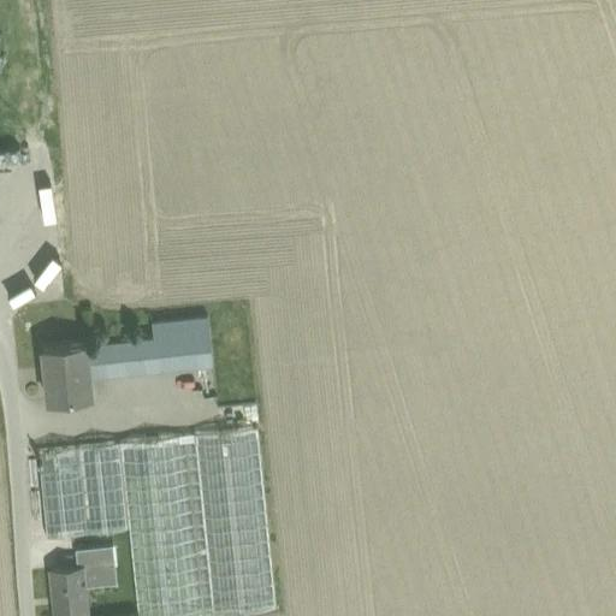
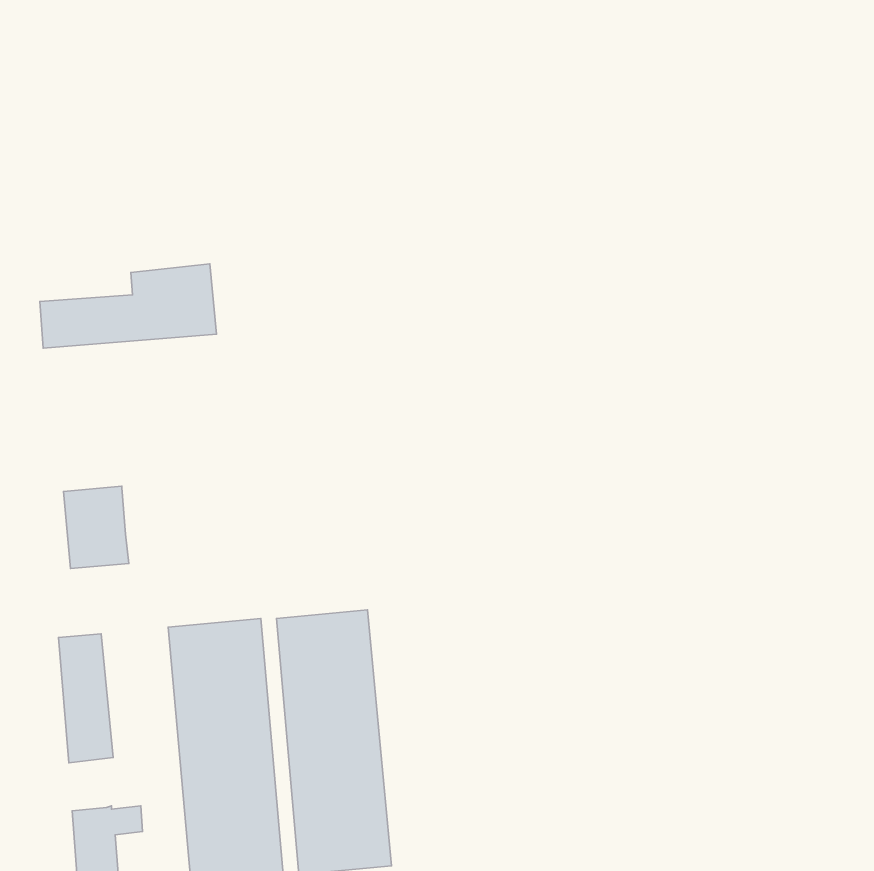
building: [85,320,209,379] -> [40,264,217,348]
building: [76,445,116,535] -> none
building: [73,547,112,571] -> none

